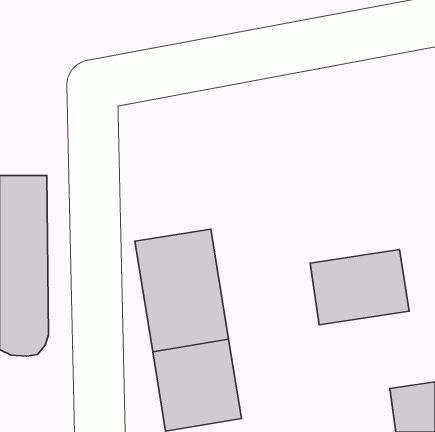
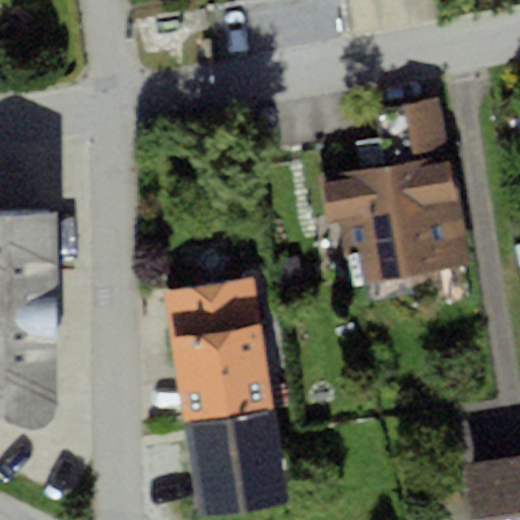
building: none -> [326,114,470,281]
building: [310,250,409,325] -> none

